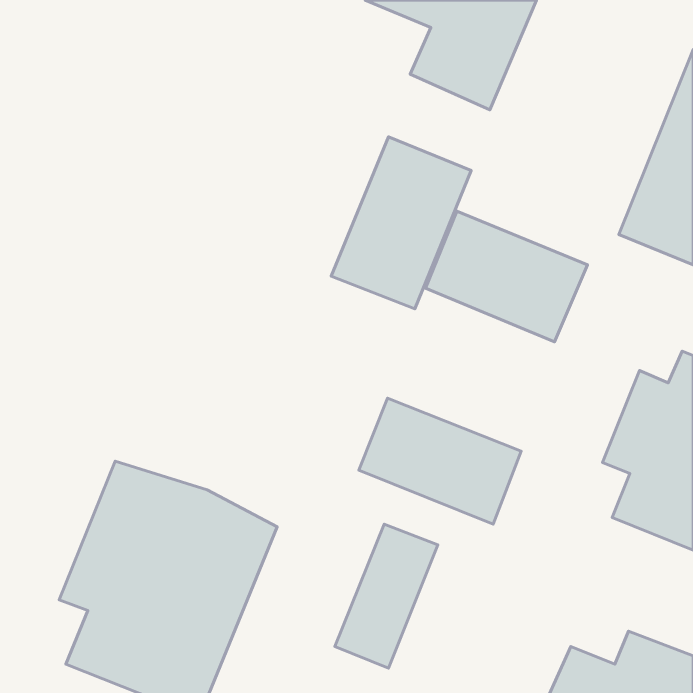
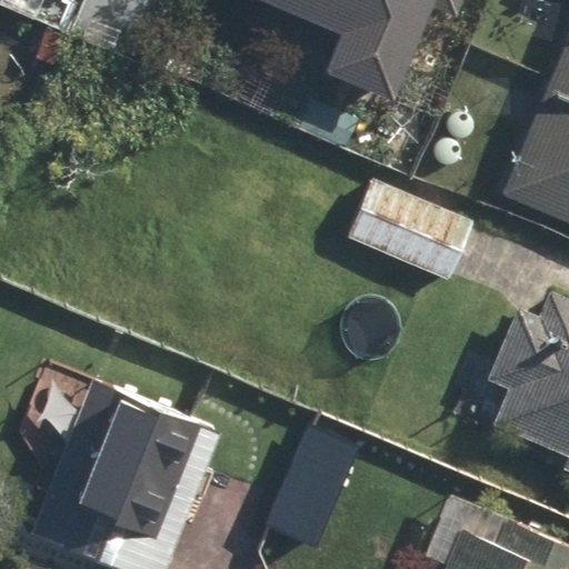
building: [331,137,471,309] -> none
building: [359,398,521,524] -> none

